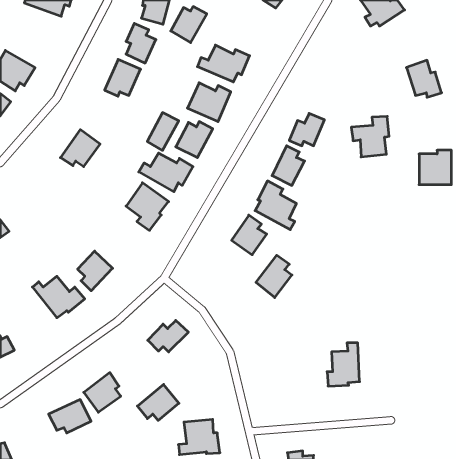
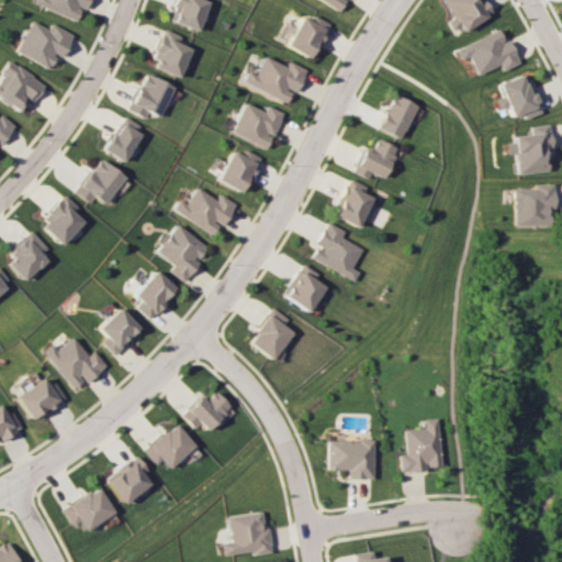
building: [171,7,207,43] -> [290,15,334,59]
building: none -> [19,21,77,69]
building: none -> [459,29,520,75]
building: none -> [381,94,420,139]
building: [147,113,179,150] -> [108,116,146,162]
building: [351,116,389,157] -> [507,125,553,175]
building: none -> [43,195,87,245]
building: none -> [13,232,56,280]
building: none -> [135,271,179,318]
building: [256,255,292,298] -> [254,308,297,360]
building: none -> [16,378,66,420]
building: none -> [331,440,378,480]
building: [137,384,179,420] -> [147,424,198,468]

